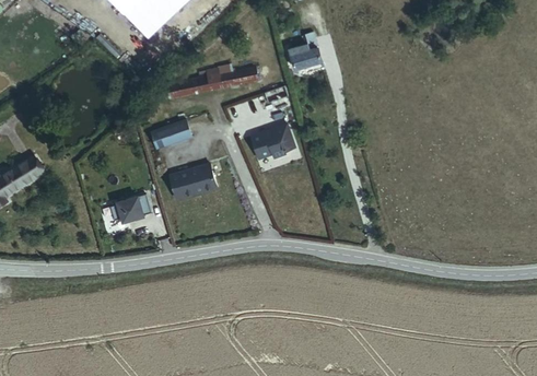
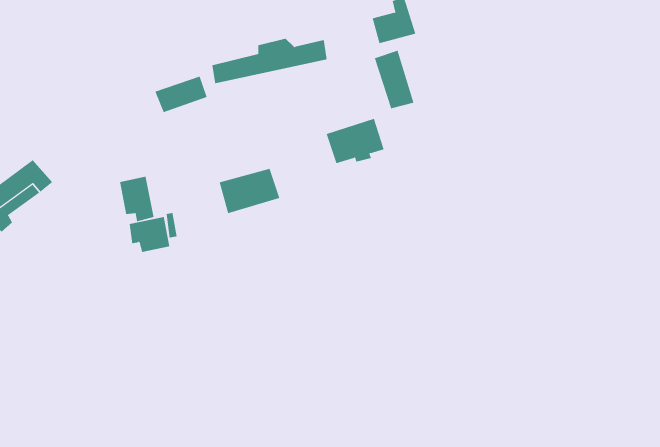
building: none -> [374,50,414,109]
building: [156,116,197,144] -> [155,76,207,113]
building: none -> [119,176,154,222]

